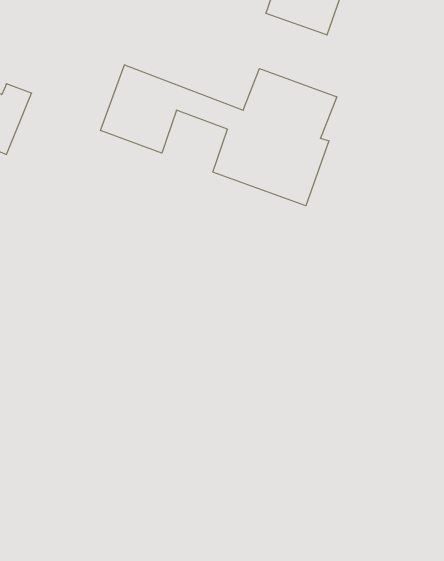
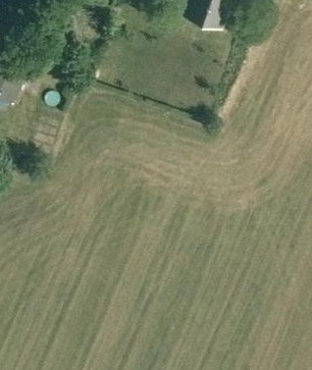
building: [101,65,337,206] -> none

